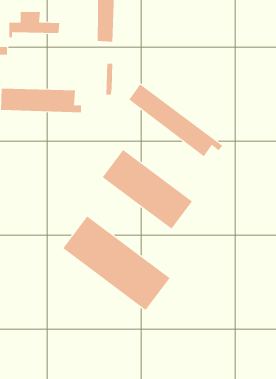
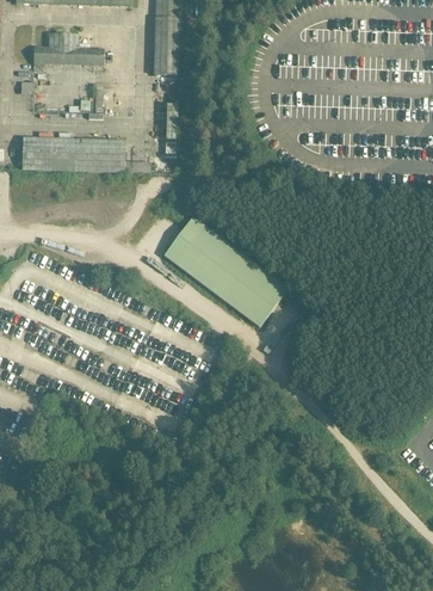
building: [128,84,223,157] -> none
building: [62,216,170,311] -> none

